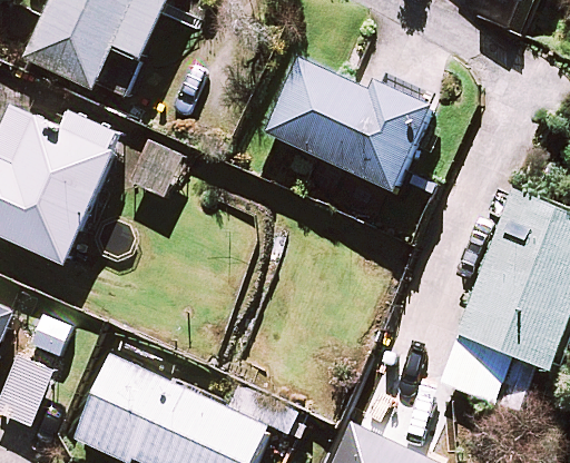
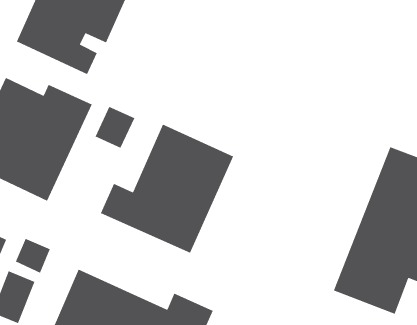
building: [262,57,436,194] -> none
building: none -> [100,124,234,254]

